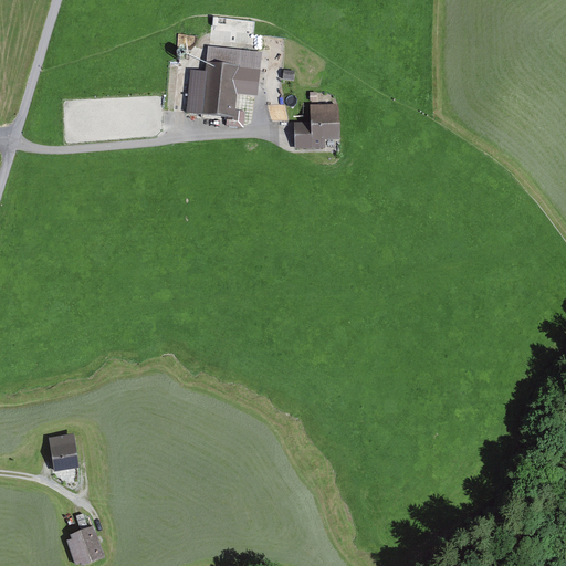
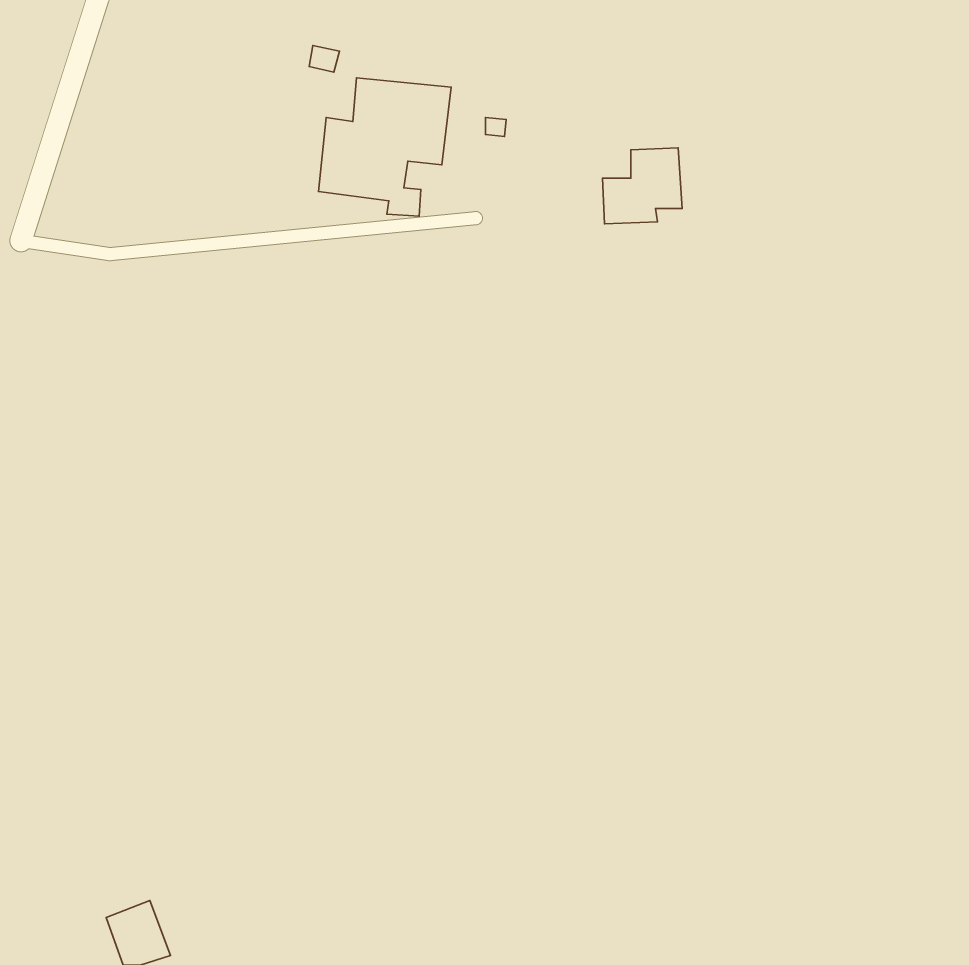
building: [294,104,340,148] -> [602,148,682,224]
building: [49,434,75,467] -> none

